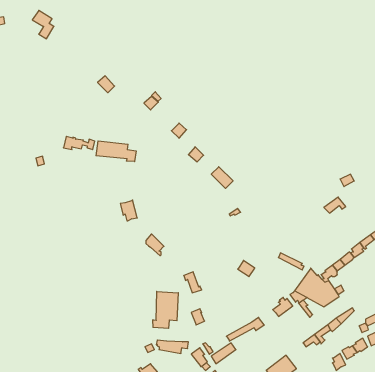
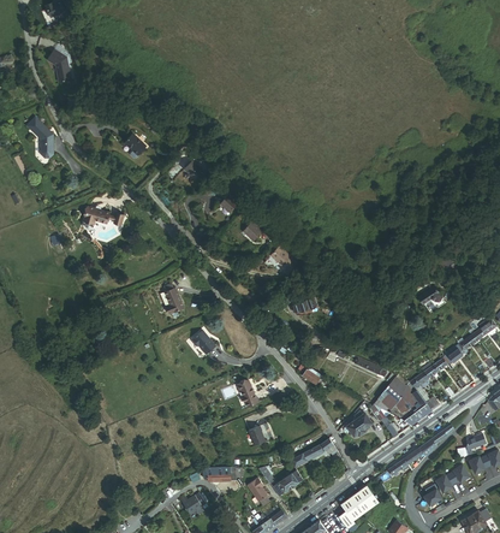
building: none -> [26,117,55,158]
building: [96,141,136,162] -> none
building: [153,291,178,328] -> none

